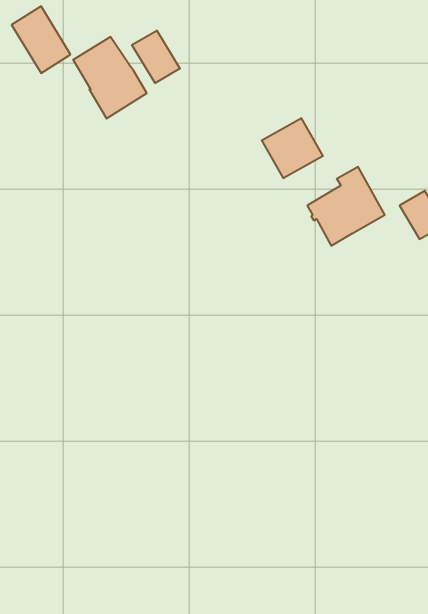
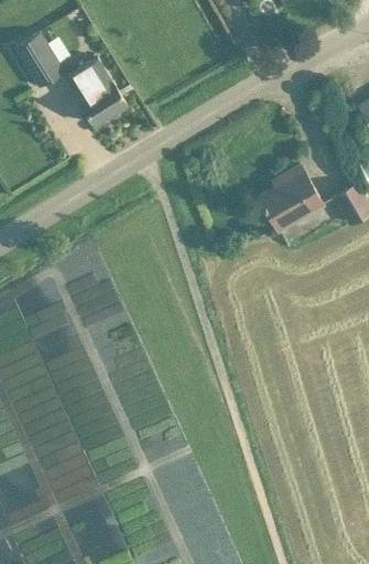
building: [132,30,180,83] -> none
building: [262,118,323,178] -> none

